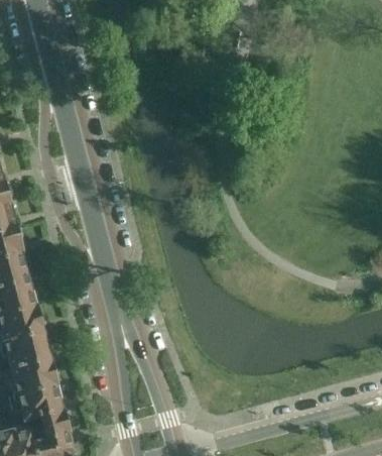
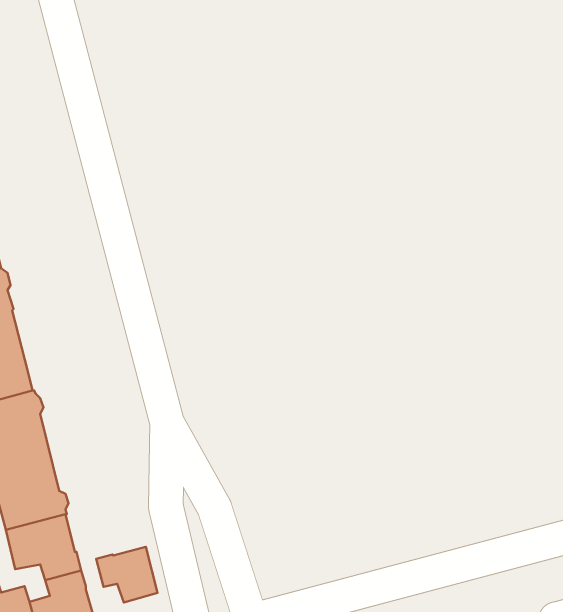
building: none -> [96,547,158,602]

